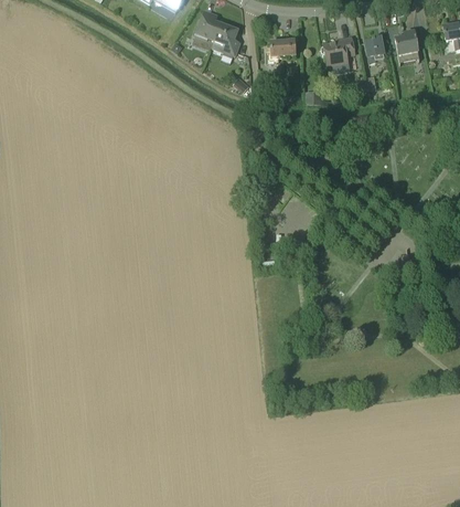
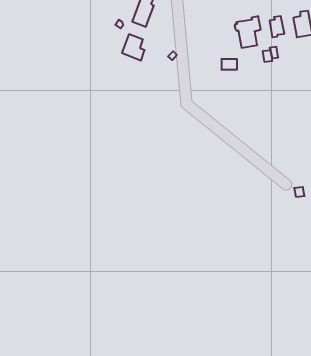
building: [211,21,239,54] -> [122,34,145,61]
building: [267,38,296,61] -> none

